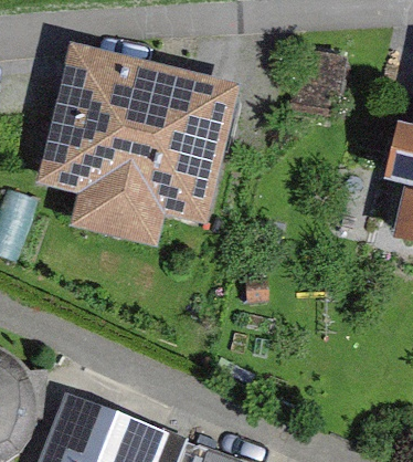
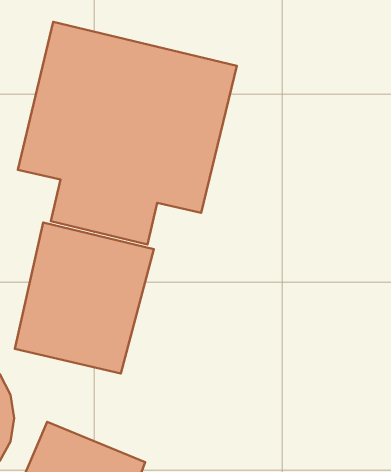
building: none -> [15,223,154,373]

